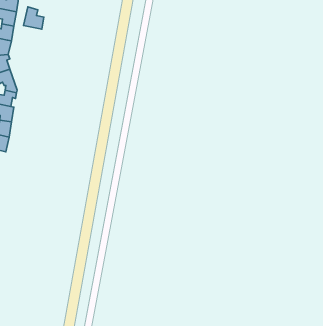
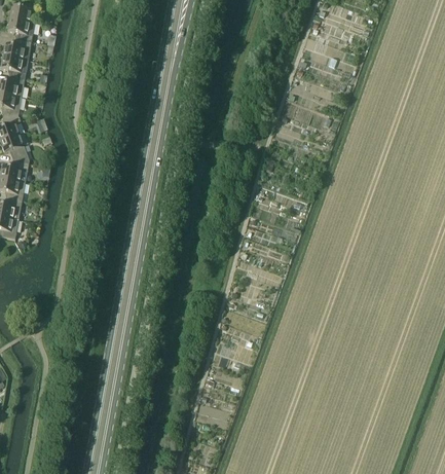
building: [24,7,44,29] -> none

